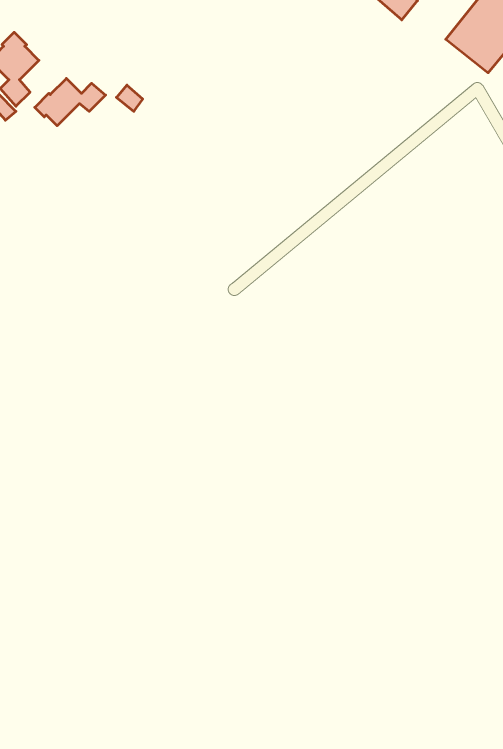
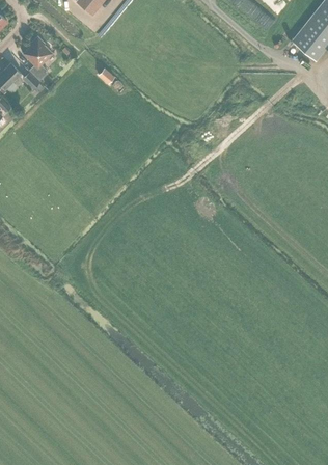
building: [35,78,106,126] -> none

